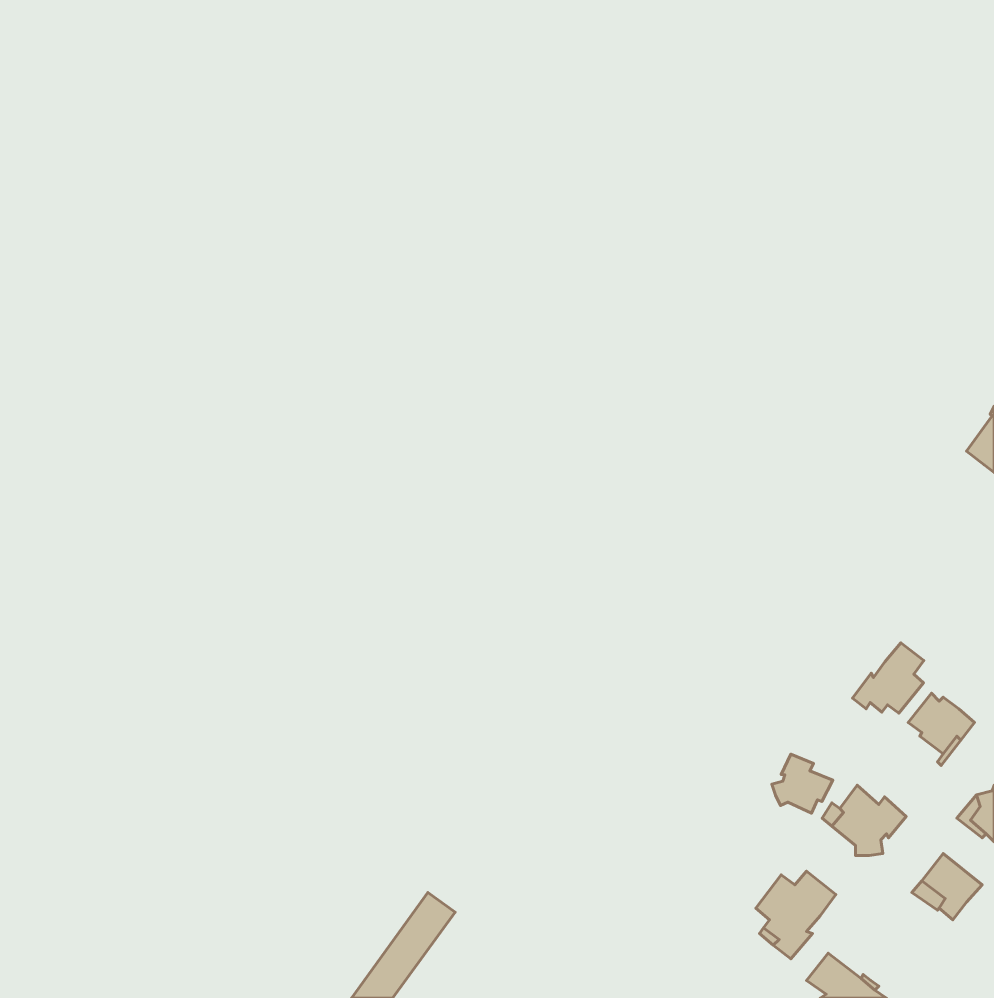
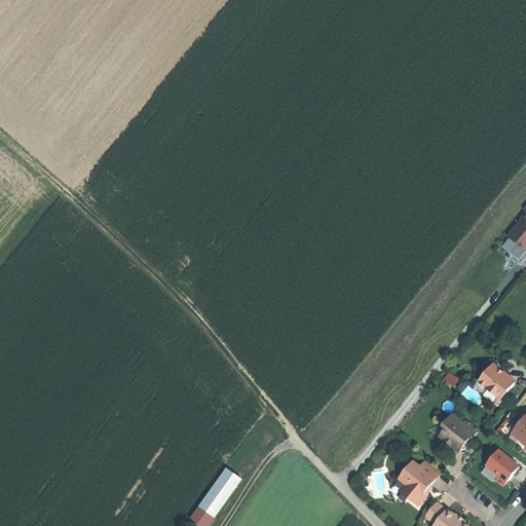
building: [853,643,924,713] -> none
building: [772,754,833,813] -> none

